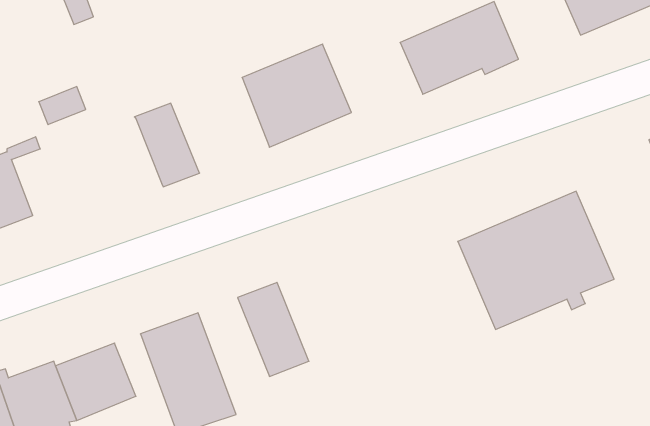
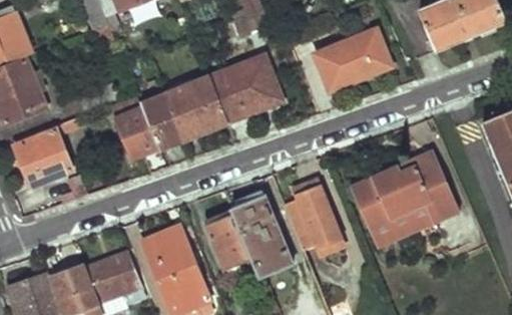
building: none -> [164,77,229,140]
building: none -> [115,104,158,159]
building: none -> [285,178,345,254]
building: none -> [232,196,294,278]

